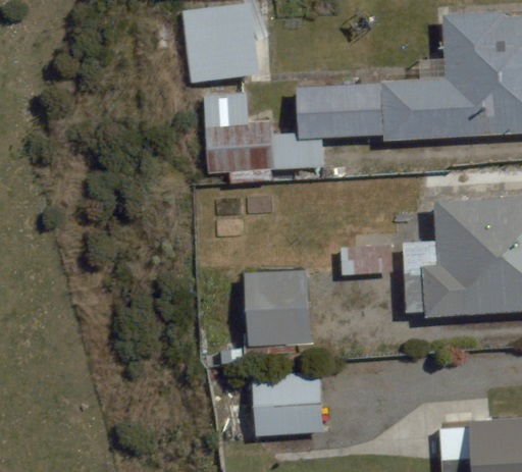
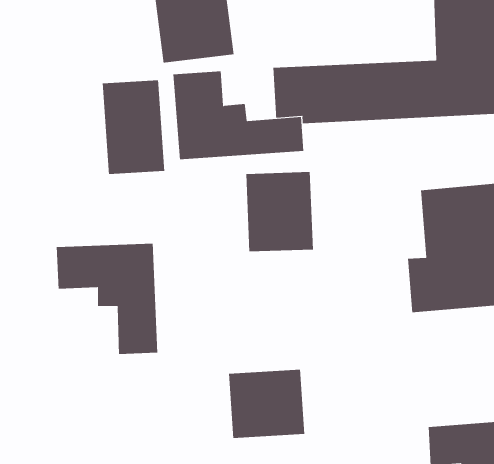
building: none -> [102,79,165,175]
building: none -> [56,243,158,355]
building: [246,271,310,347] -> [245,172,314,252]

